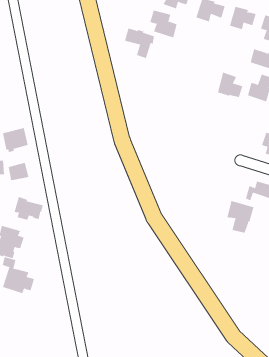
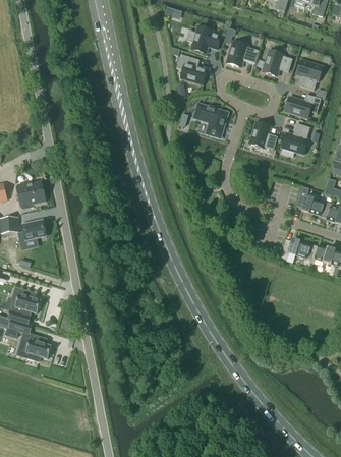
building: [124,28,155,59] -> [193,103,227,136]
building: [14,196,44,220] -> none
building: [227,200,254,233] -> none

